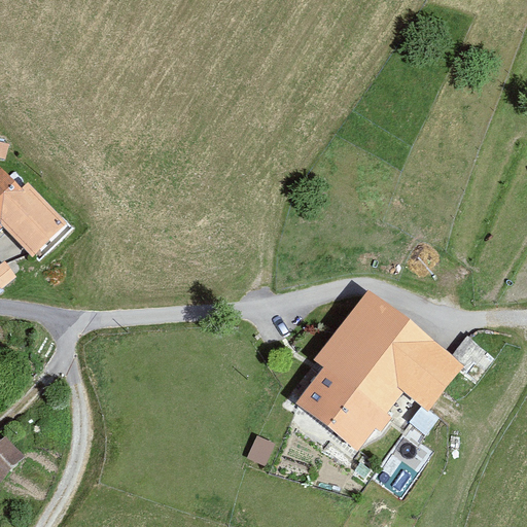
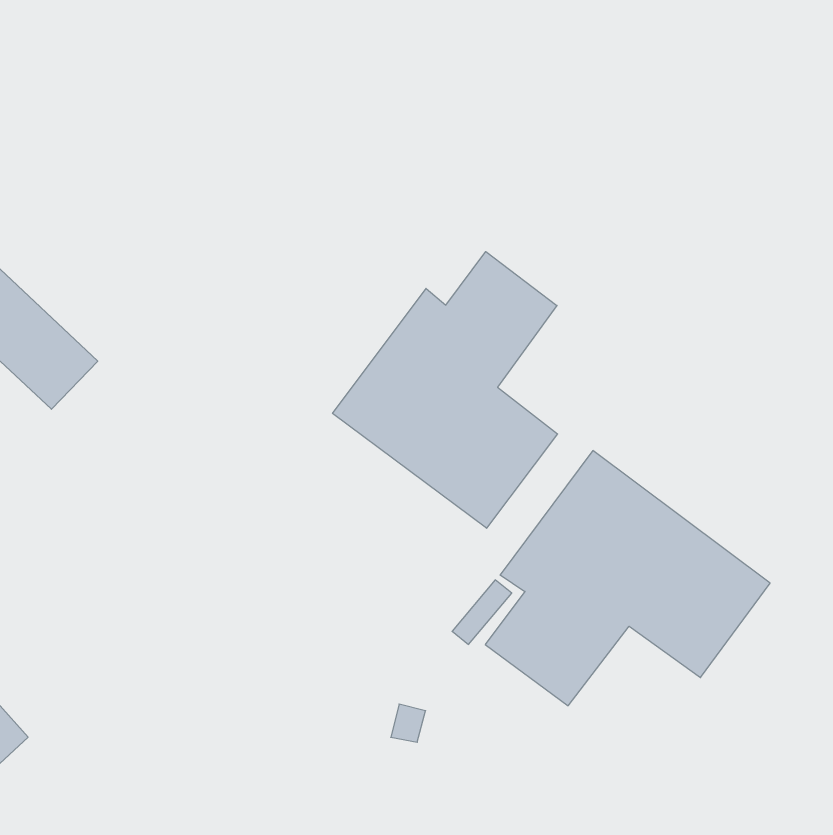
building: none -> [333,252,558,528]

